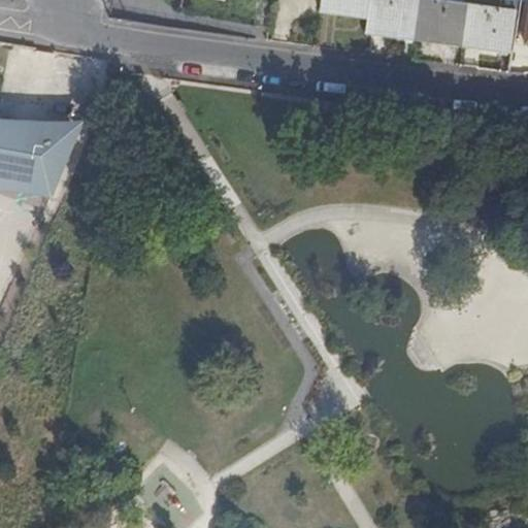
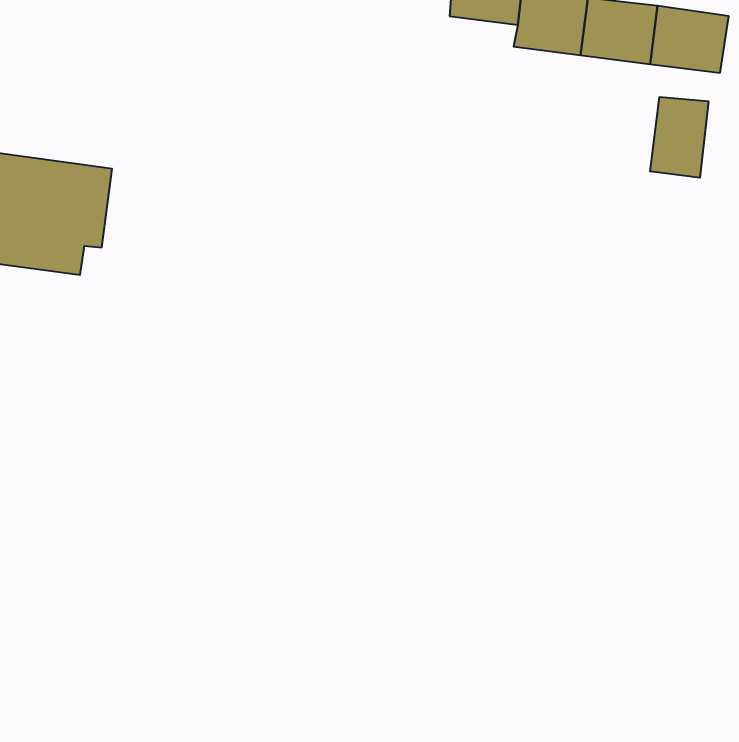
building: none -> [650,97,708,178]

